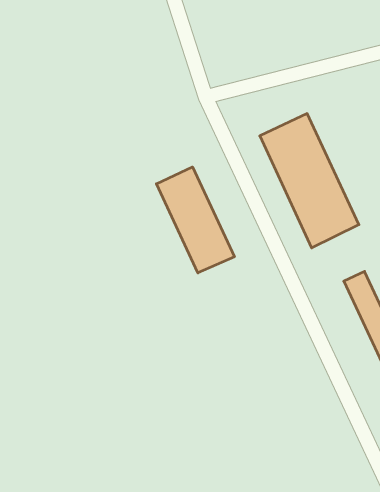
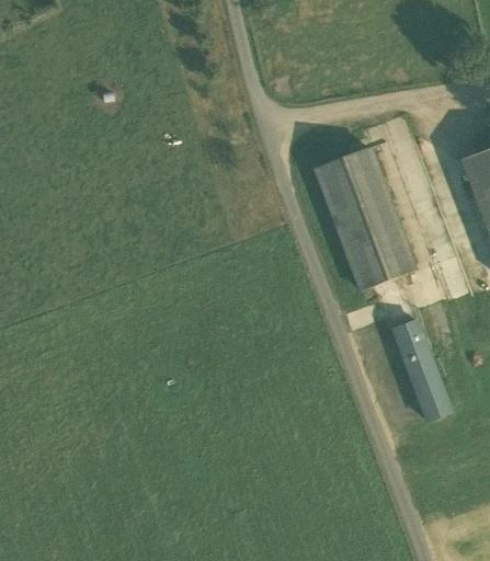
building: [156,167,234,273] -> none

